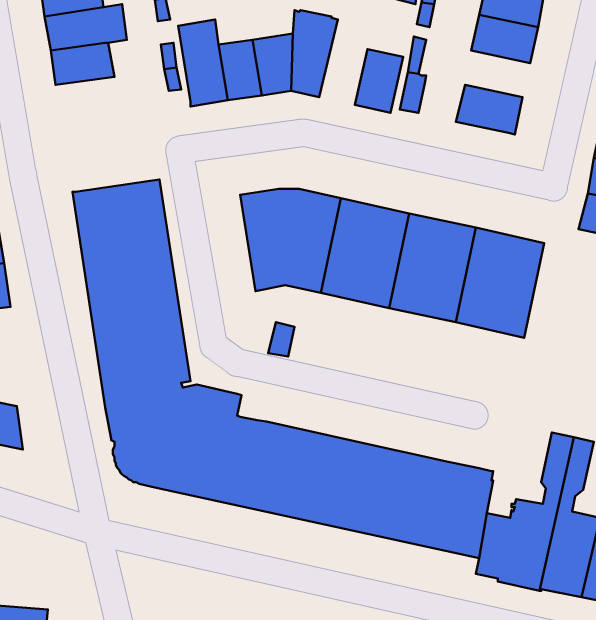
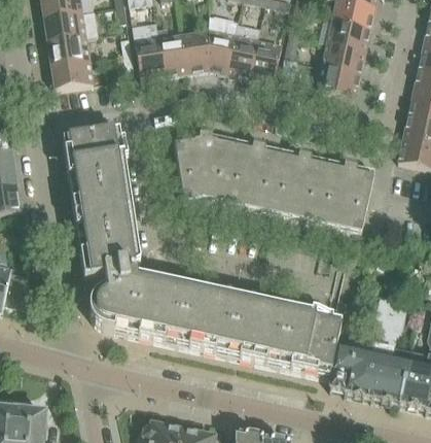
building: none -> [225,21,260,75]
building: none -> [322,39,365,70]
building: none -> [50,57,93,87]

